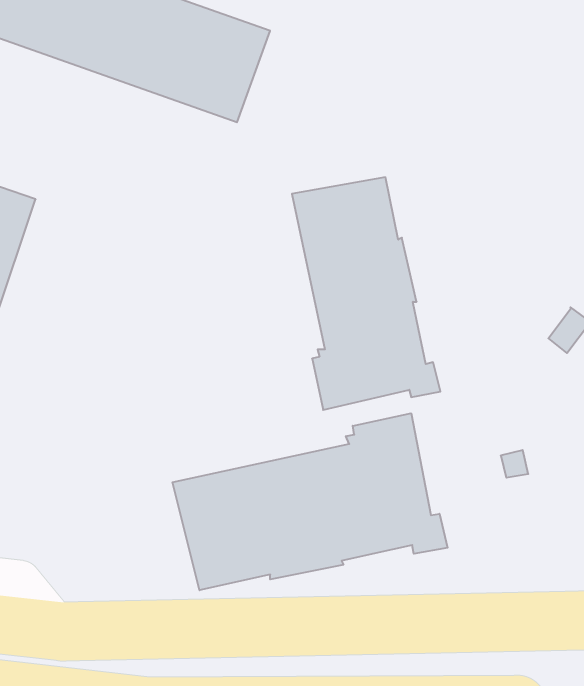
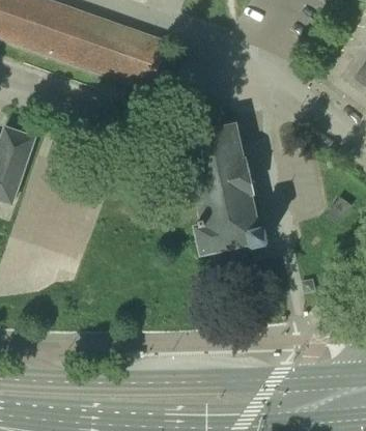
building: [172,413,448,590] -> none

